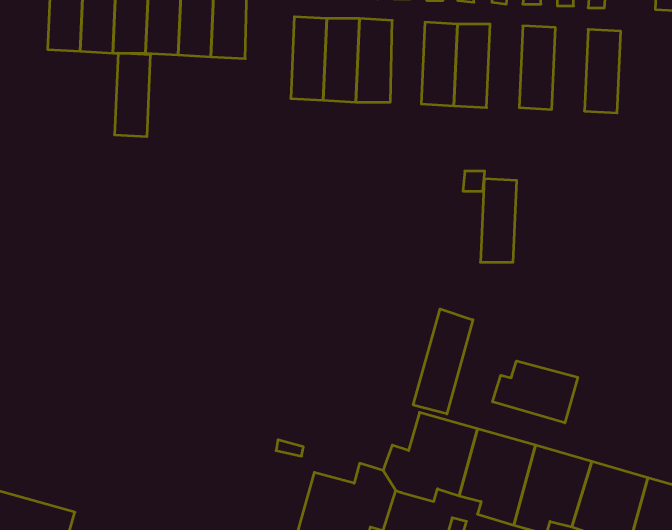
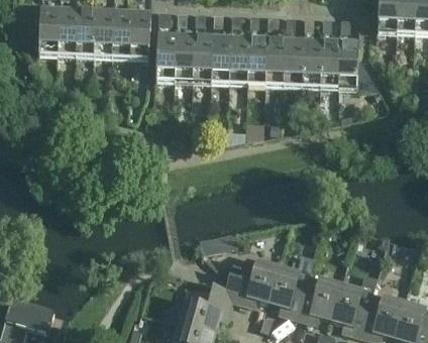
building: none -> [230,38,249,85]
building: none -> [320,42,340,89]
building: [114,53,151,137] -> [156,35,177,82]
building: [480,179,517,262] -> [284,40,304,87]
building: [413,309,473,414] -> none
building: [493,361,578,423] -> none

